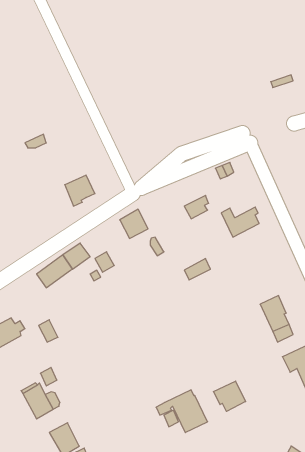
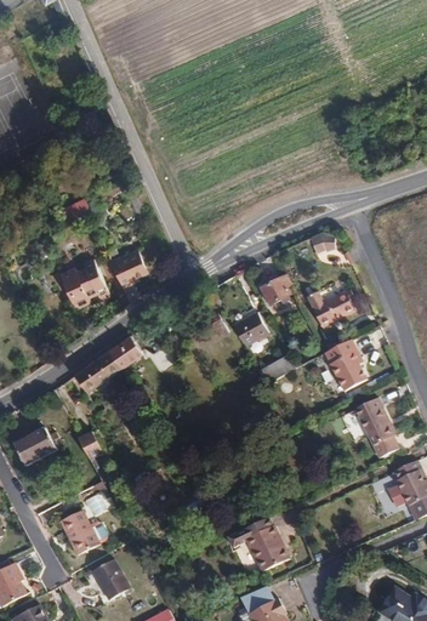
building: none -> [63,258,115,309]
building: [120,209,148,238] -> [233,310,268,347]
building: none -> [328,340,366,392]
building: [213,381,246,411] -> none

